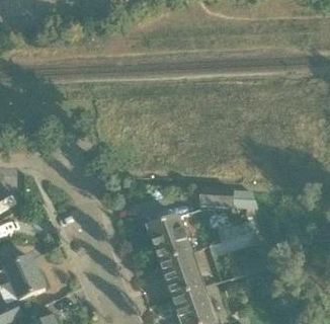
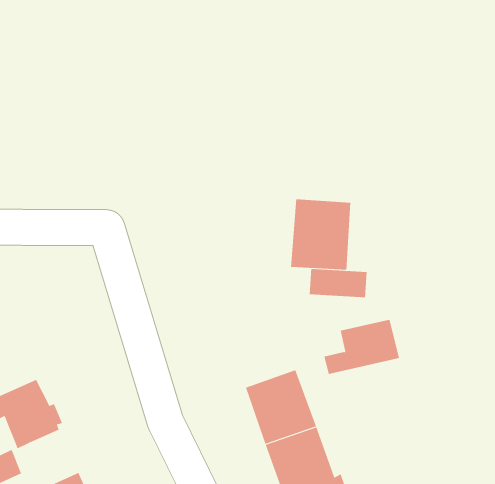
building: none -> [290,198,351,271]
building: [146,215,190,261] -> none

